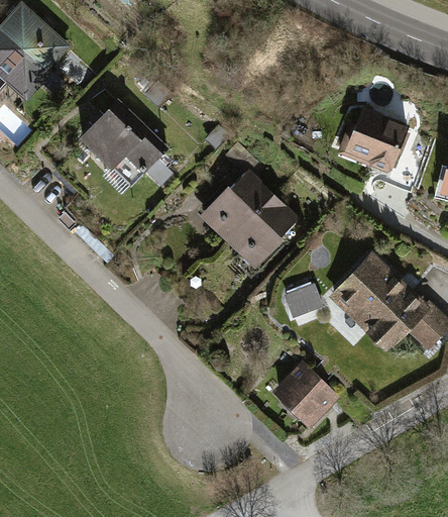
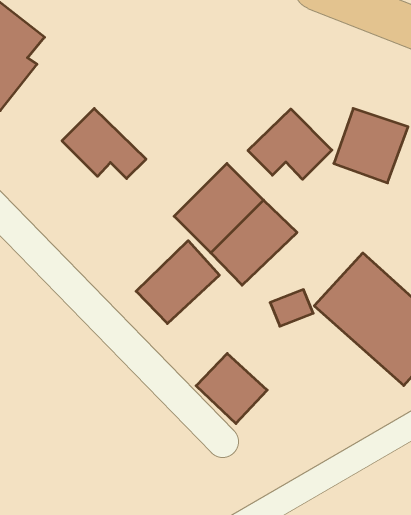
building: none -> [248,109,332,179]
building: none -> [136,241,219,324]
building: [270,358,337,424] -> [196,353,267,424]

